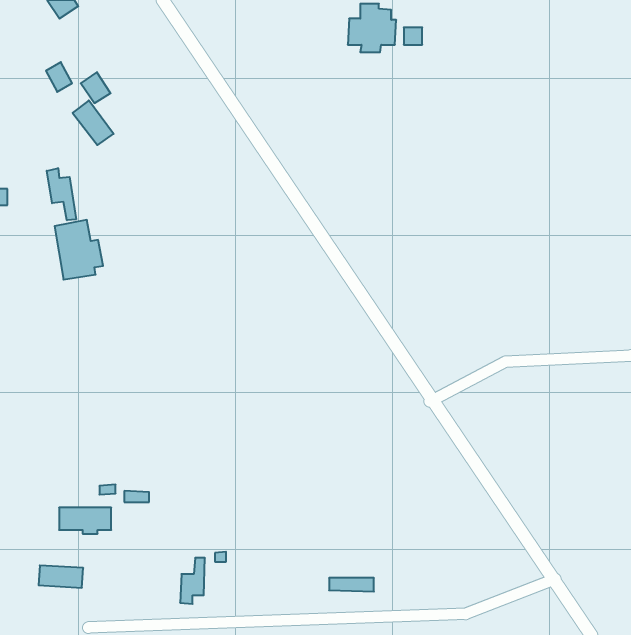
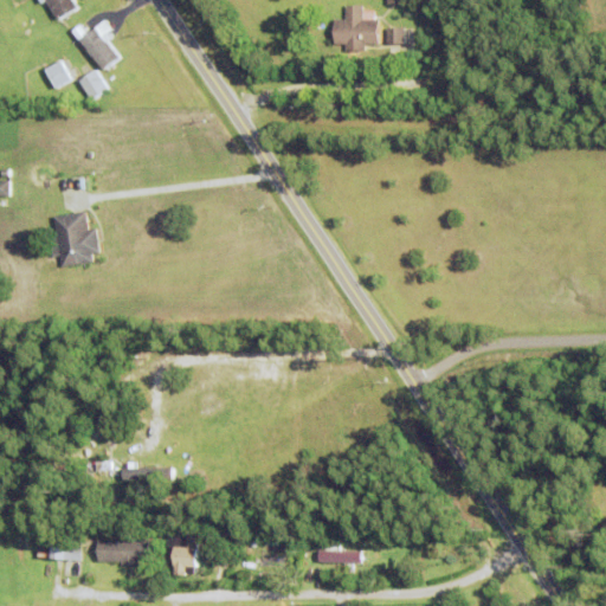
building: [73,100,114,145] -> [78,26,117,69]
building: [47,168,76,220] -> none
building: [59,508,111,534] -> [97,540,147,565]

